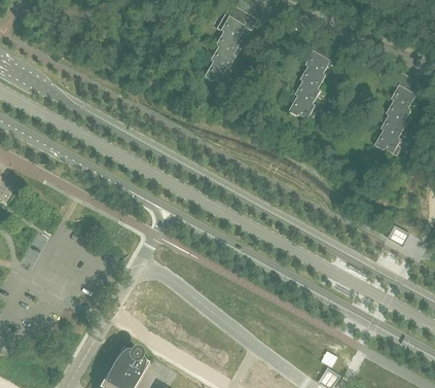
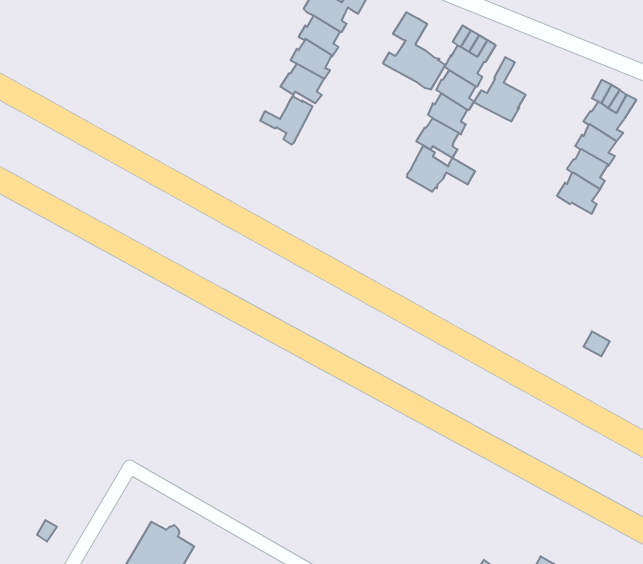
building: none -> [383,12,445,90]
building: none -> [474,57,526,122]
building: none -> [260,96,312,145]
building: none -> [407,146,475,192]

